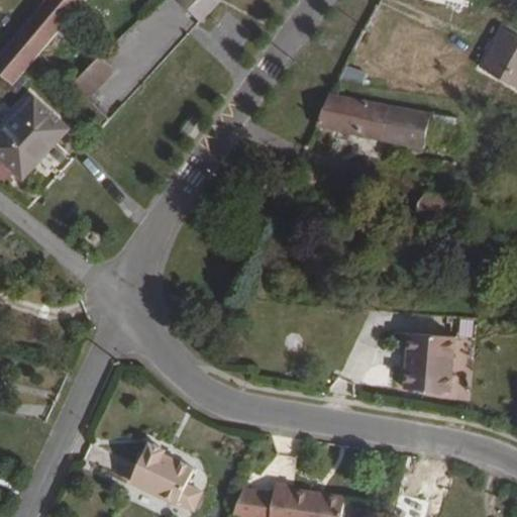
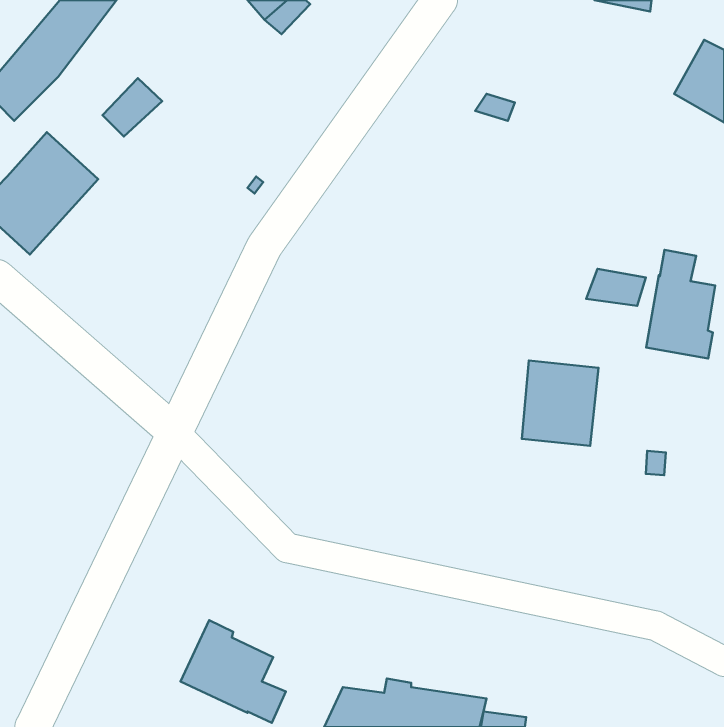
building: [315,93,430,149] -> none
building: none -> [646,250,715,359]
building: [402,332,456,393] -> [522,361,599,446]

